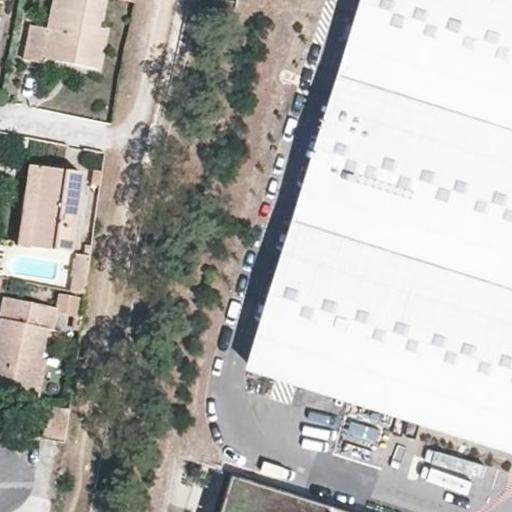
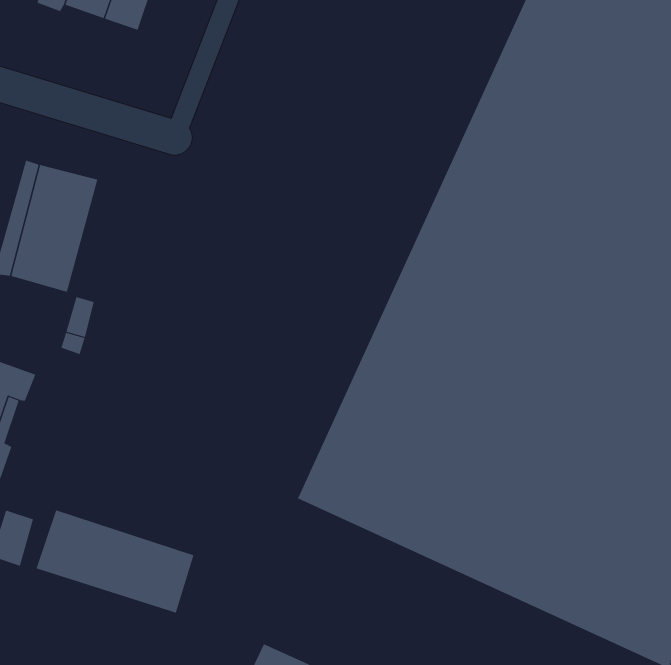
building: none -> [36,510,194,613]

